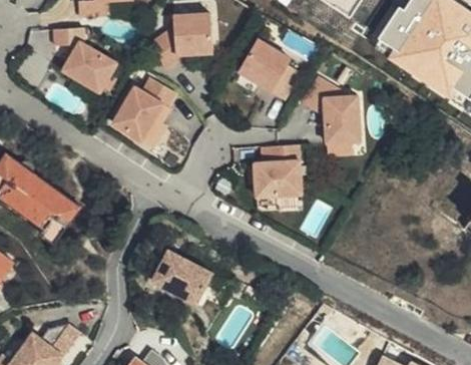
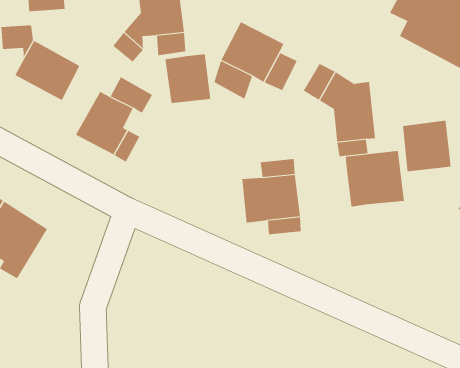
building: none -> [165,53,211,104]
building: none -> [403,120,451,172]
building: none -> [345,150,404,207]
building: [151,248,212,302] -> none

